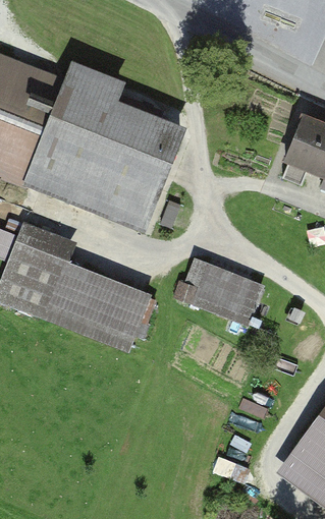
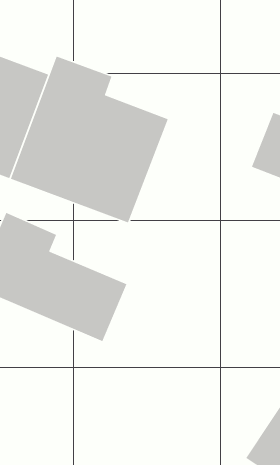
building: [180,256,268,327] -> none

